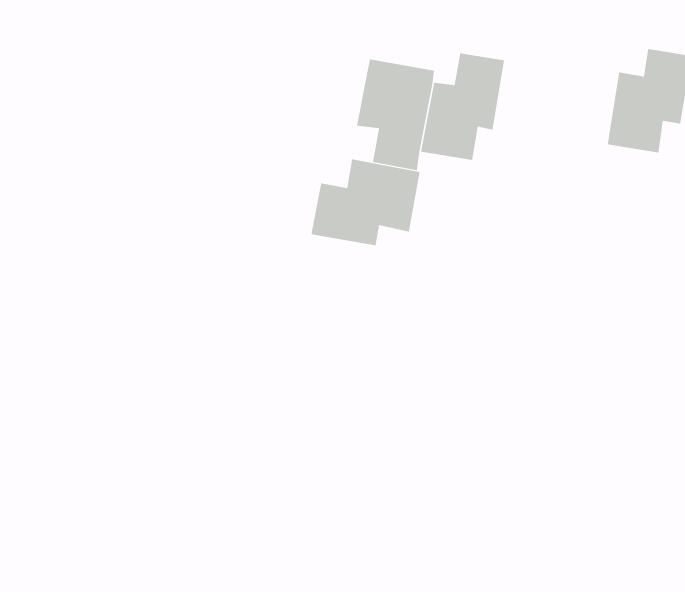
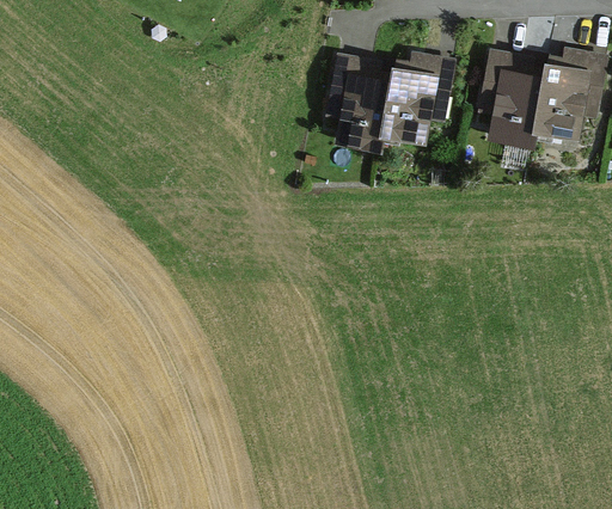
building: none -> [479,54,540,146]
building: [311,158,420,246] -> none

